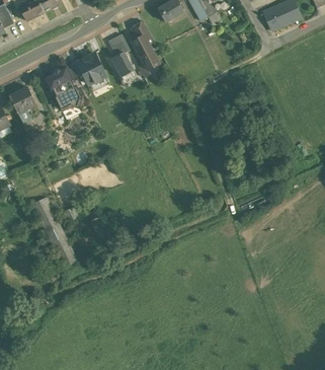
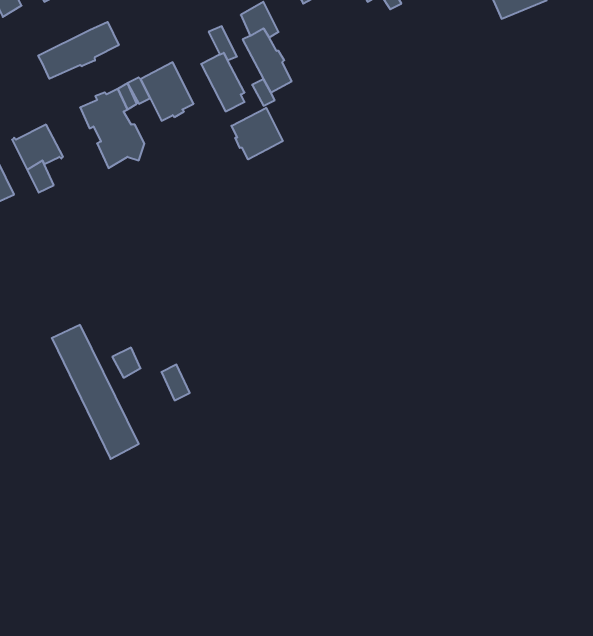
building: none -> [38,22,119,79]
building: none -> [231,108,283,159]

